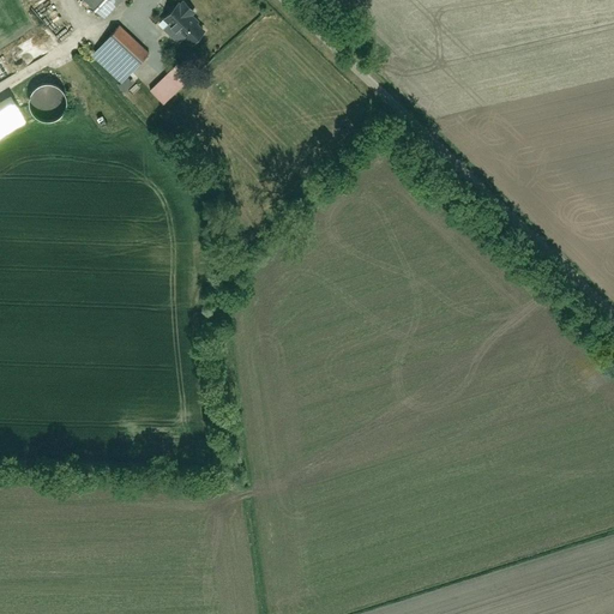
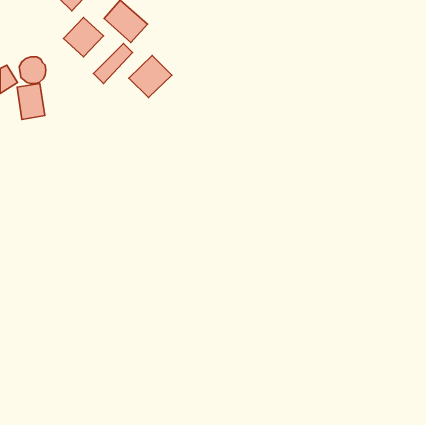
building: none -> [129,56,172,98]
building: none -> [17,83,45,119]

